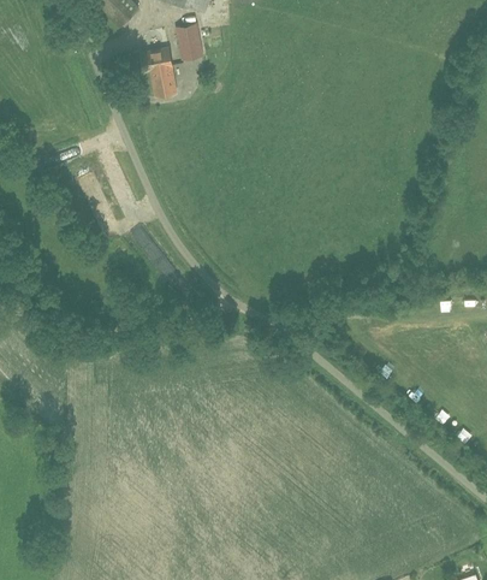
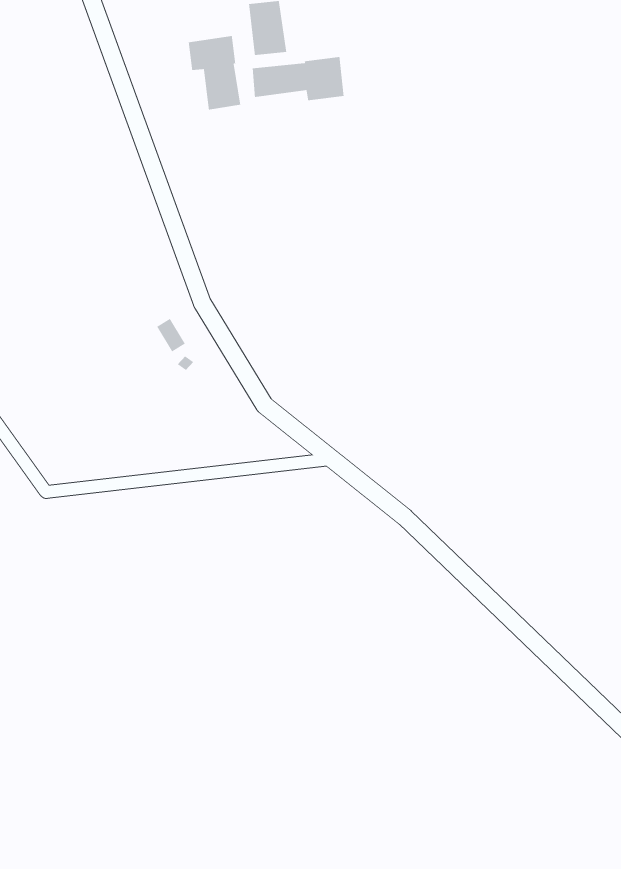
building: none -> [252,56,344,101]

